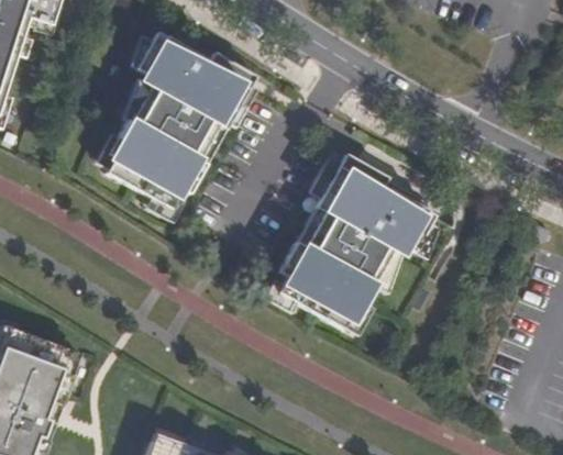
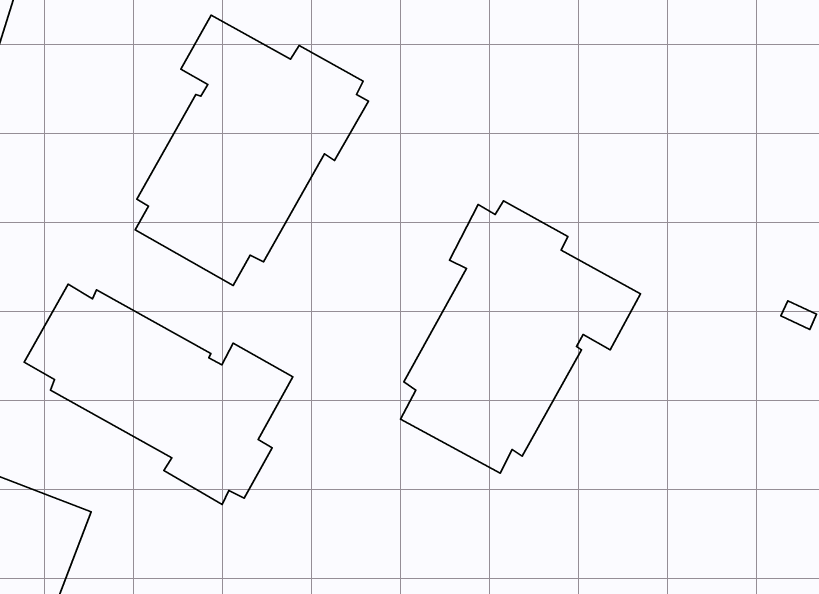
building: none -> [24,284,293,505]

